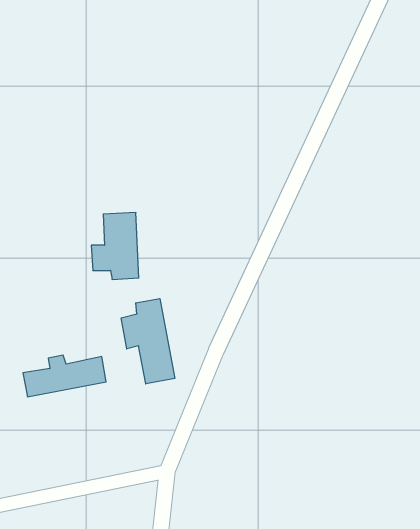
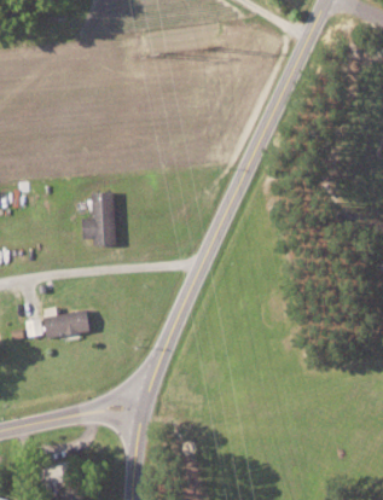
building: [121,299,175,384] -> none

